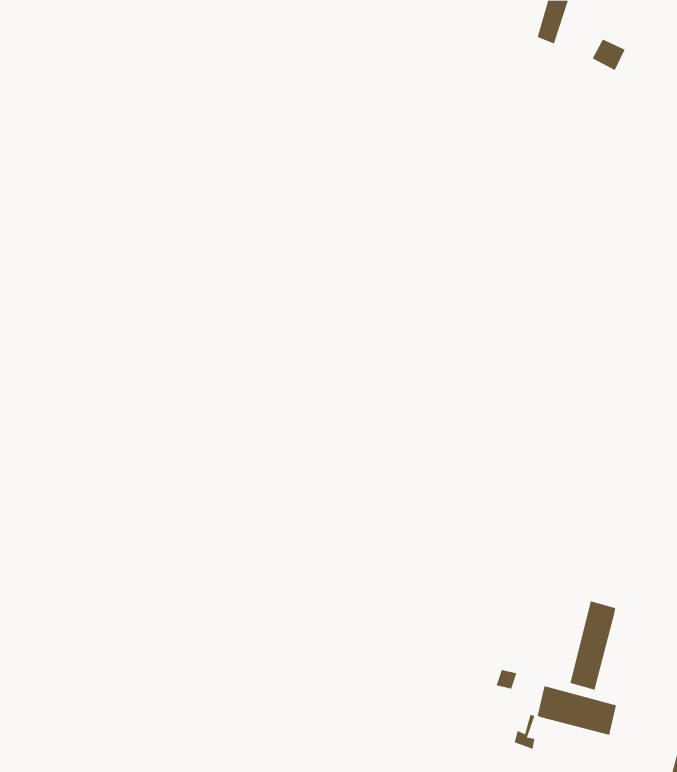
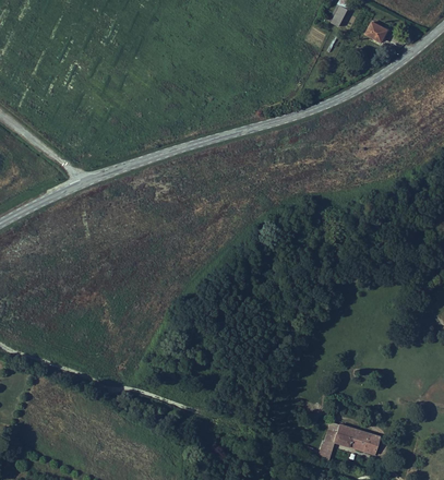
building: [570,600,615,691] -> none

